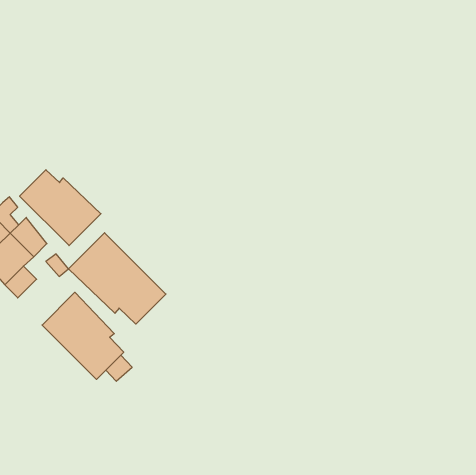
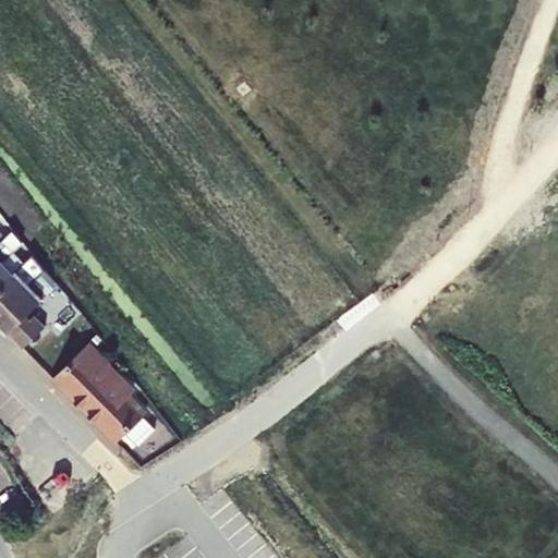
building: [20,170,101,246] -> none
building: [68,233,166,324] -> none

